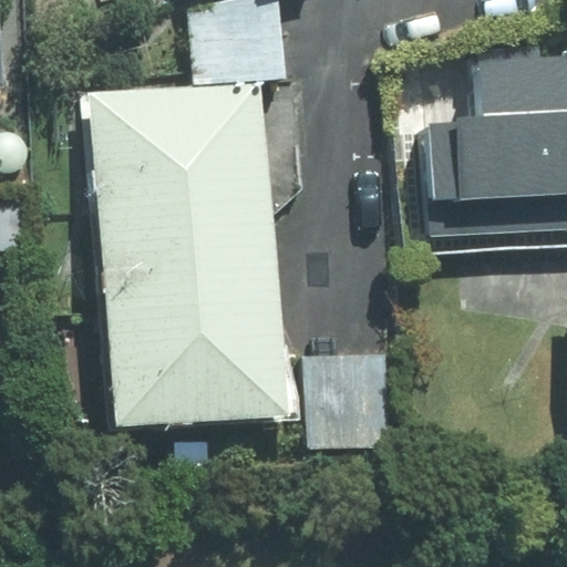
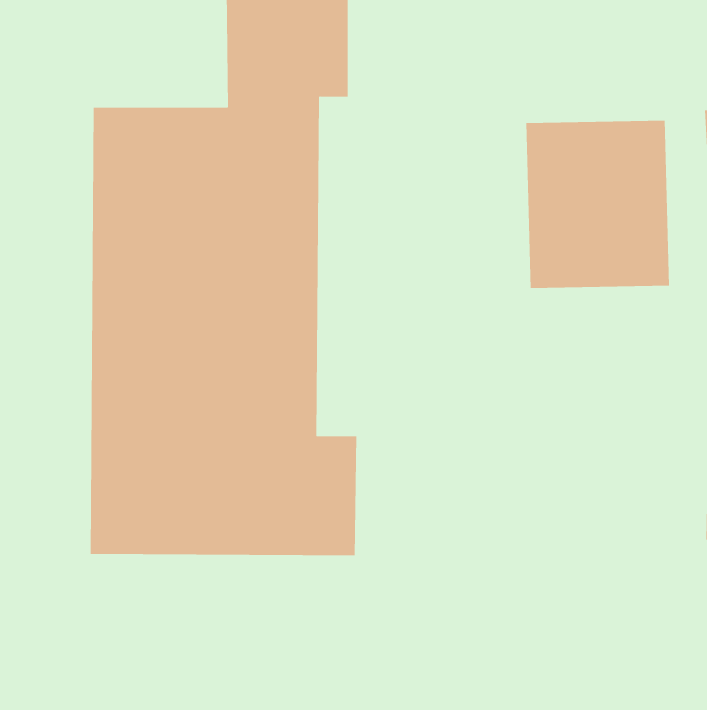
building: [310,349,390,447] -> none

